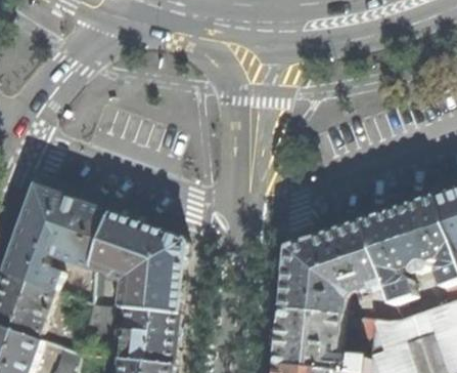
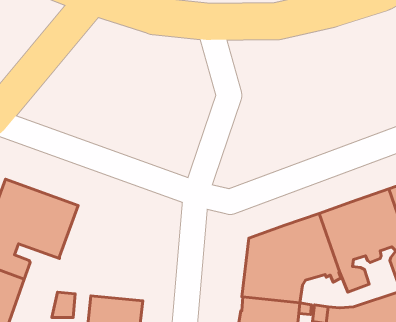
building: [89,215,183,315] -> none

